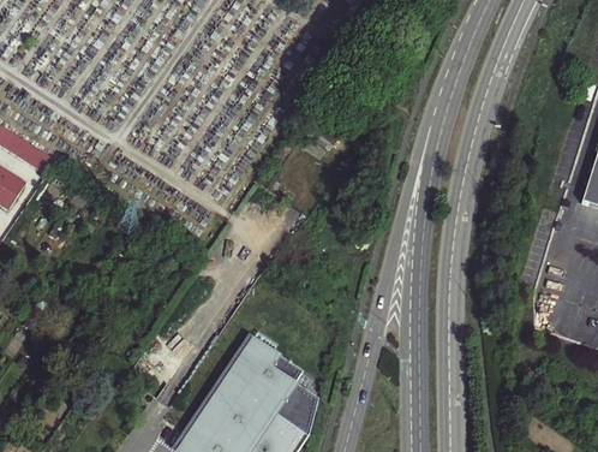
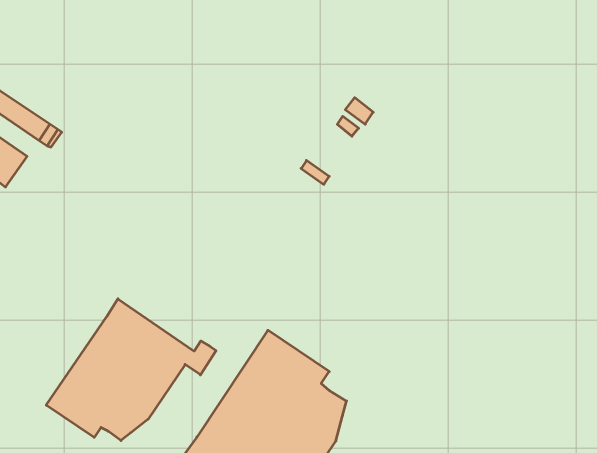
building: none -> [46,299,216,441]

